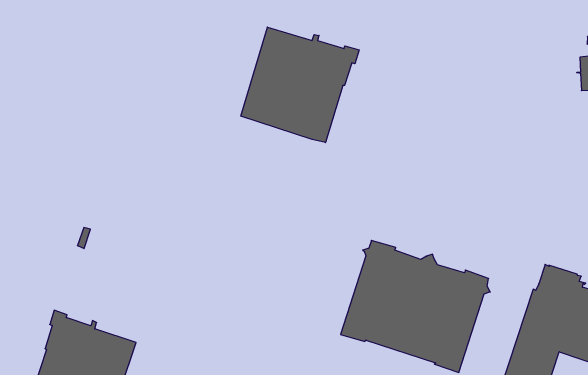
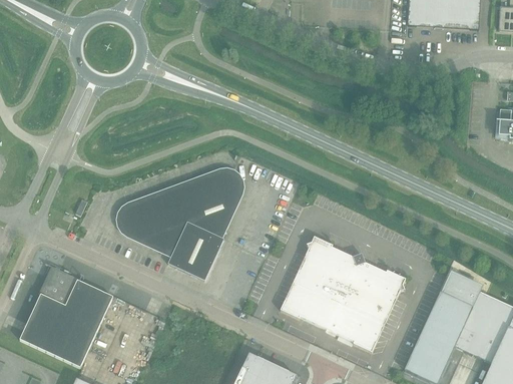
building: [241,27,359,143] -> none
building: none -> [119,171,240,280]

